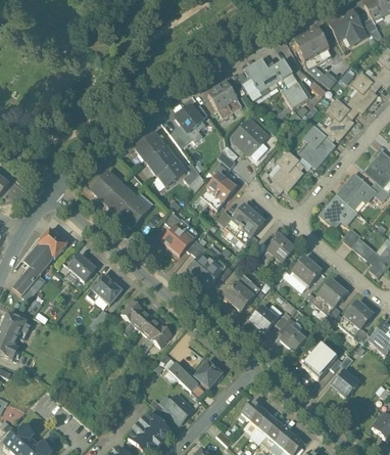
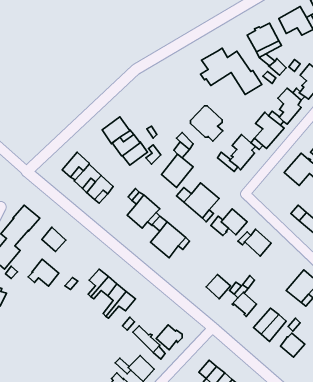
building: [207,82,241,118] -> none
building: [176,105,204,132] -> none
building: [319,193,357,228] -> none
building: [87,274,120,304] -> [28,259,59,286]
building: [225,274,259,310] -> none
building: [311,278,346,314] -> none

